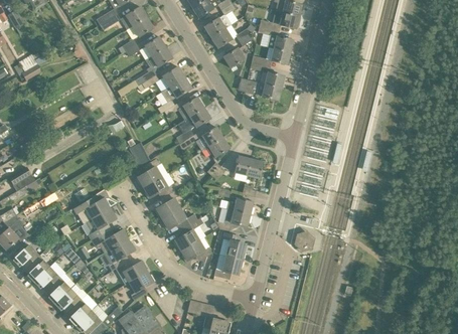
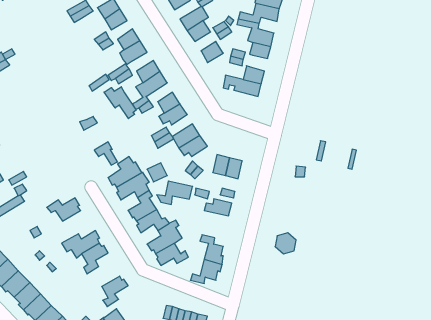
building: none -> [104,87,136,119]
building: [86,208,117,239] -> none
building: [215,208,250,230] -> [157,181,193,204]
building: [115,260,146,284] -> none

